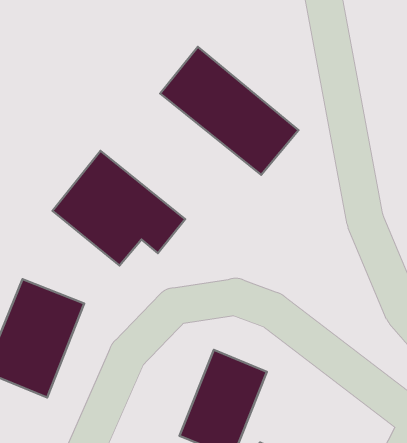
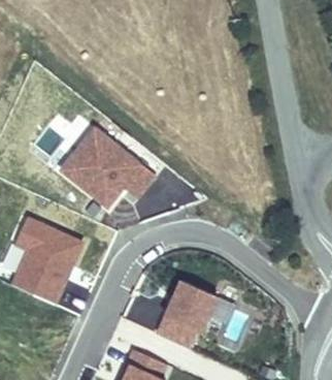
building: [160,47,299,175] -> none

